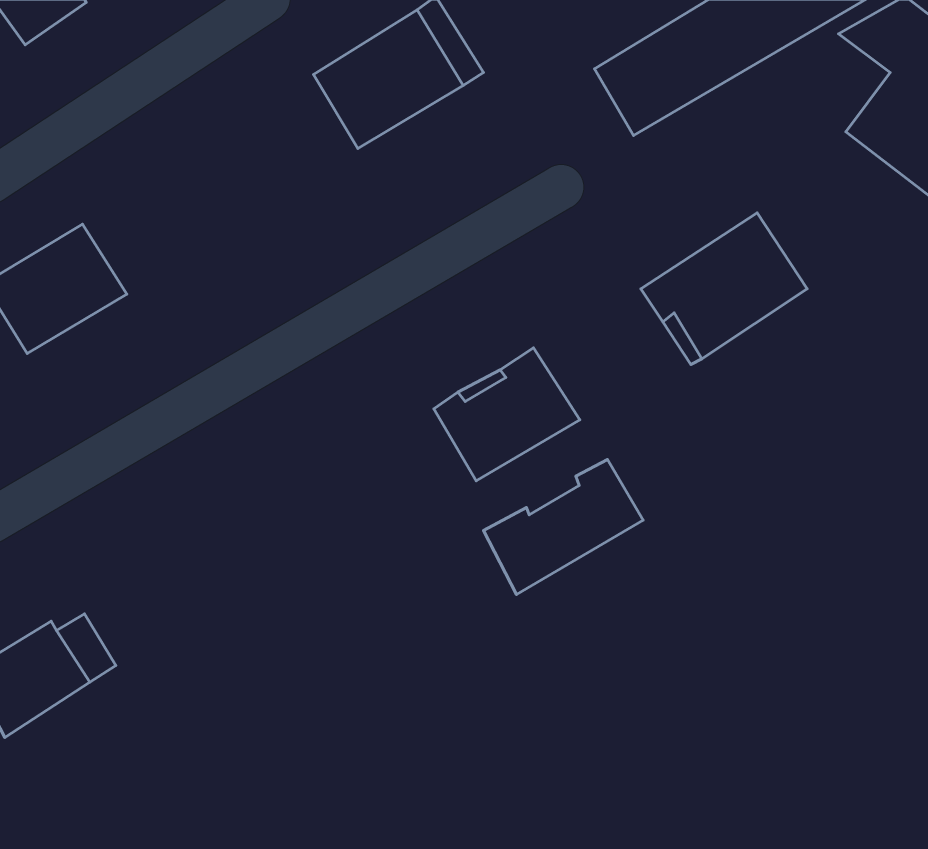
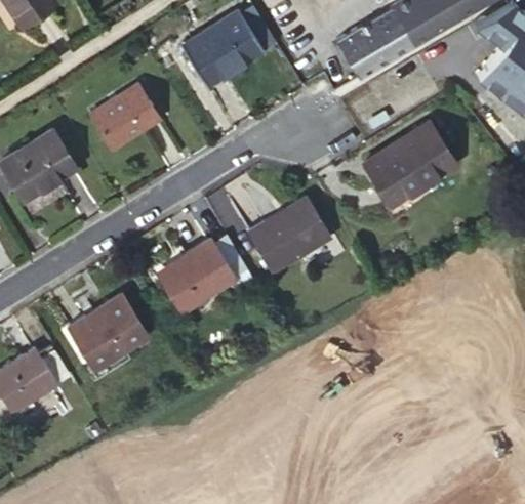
building: none -> [90,86,159,148]
building: none -> [159,241,236,312]
building: [483,460,643,595] -> none
building: none -> [68,293,149,371]

